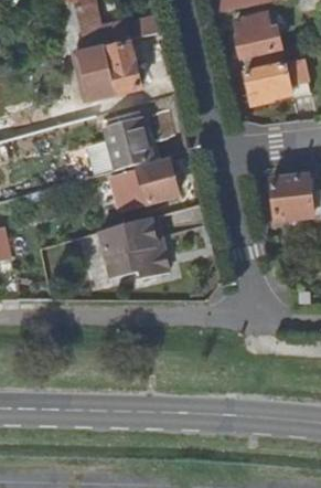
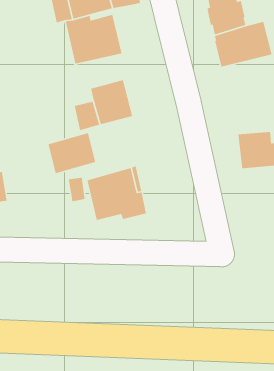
building: [122,159,178,206] -> [48,132,96,174]

